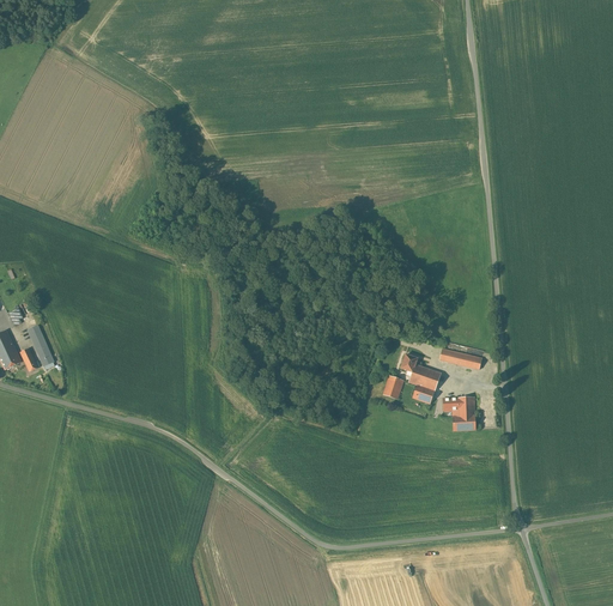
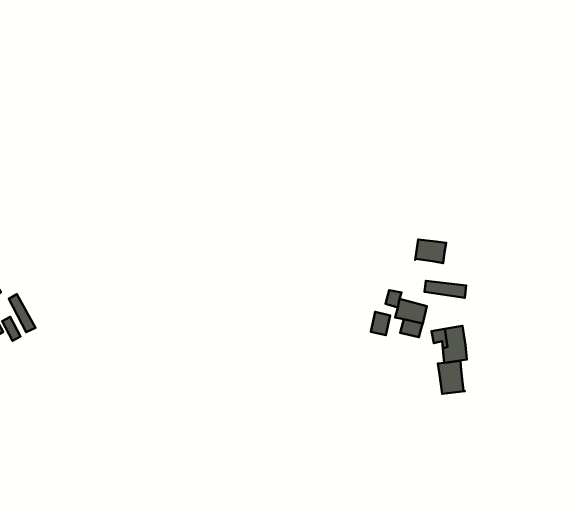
building: none -> [415,239,446,263]
building: none -> [438,361,465,394]

